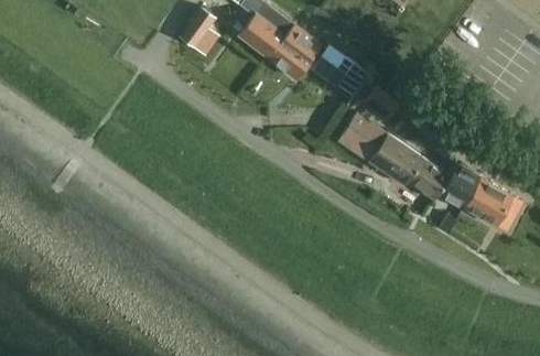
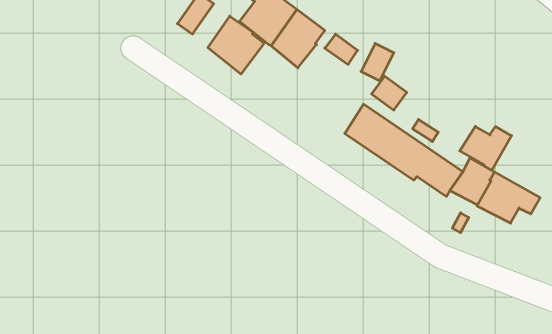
building: none -> [208,16,264,74]
building: none -> [460,126,512,170]

